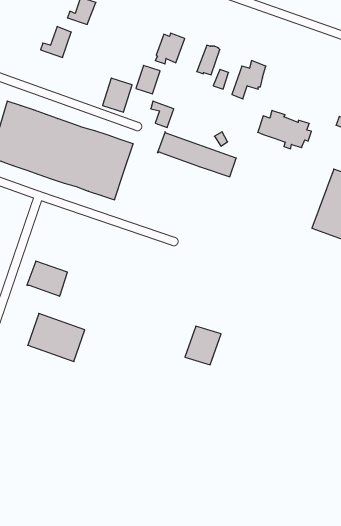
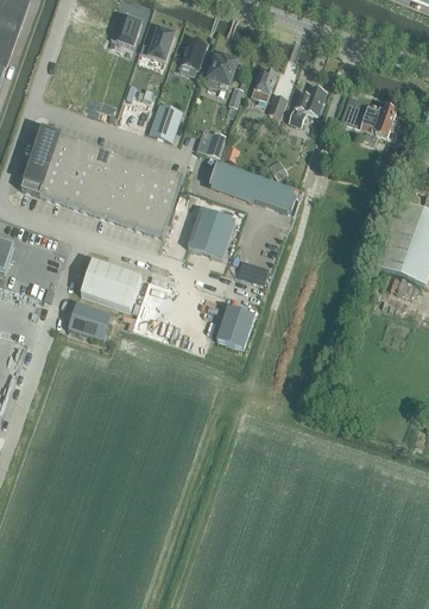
building: [41,27,71,57] -> [140,26,174,59]
building: [136,65,160,94] -> [179,37,206,68]
building: [258,110,311,149] -> [340,98,398,139]
building: none -> [188,208,234,258]
building: [28,313,85,362] -> [80,258,141,310]
building: [185,326,221,365] -> [215,306,254,347]

